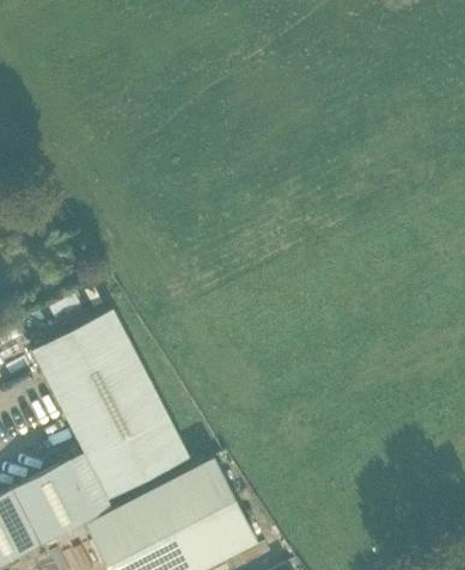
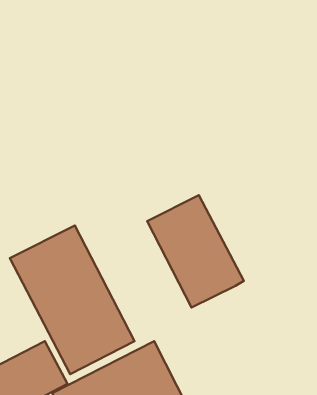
building: none -> [147,195,244,308]

